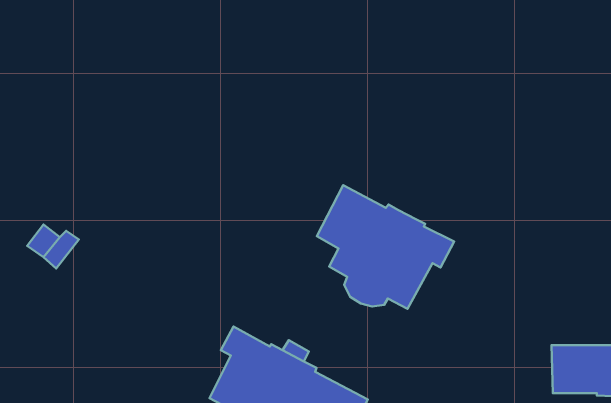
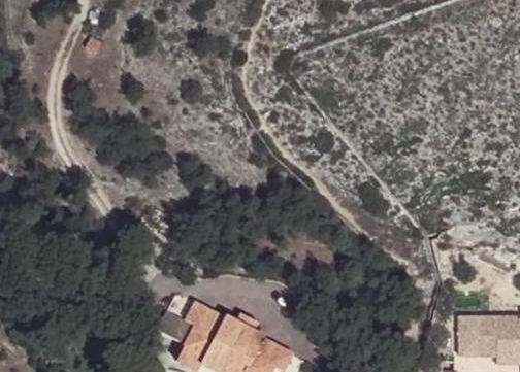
building: [317,185,454,309] -> none

